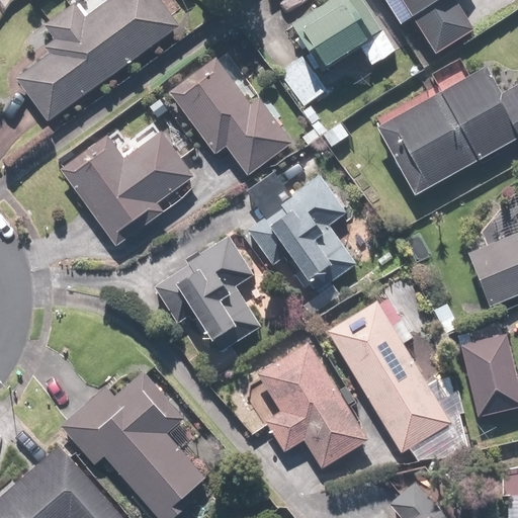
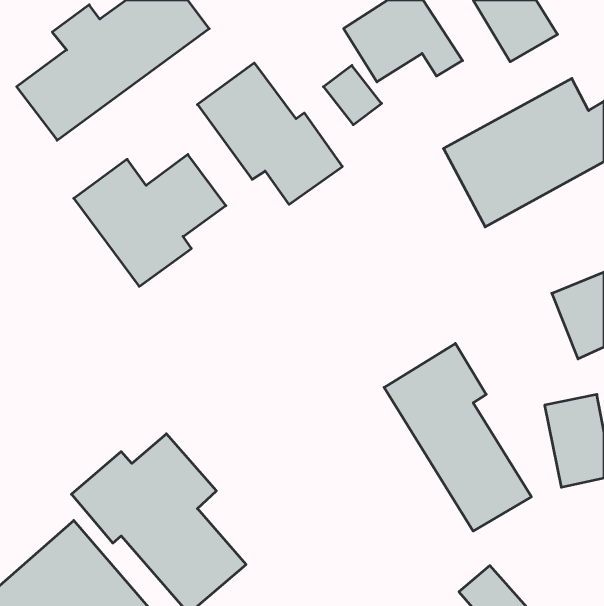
building: [246,175,356,296] -> none
building: [154,234,261,355] -> none
building: [259,343,368,467] -> none

